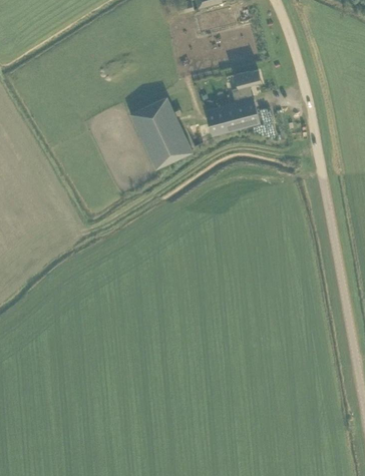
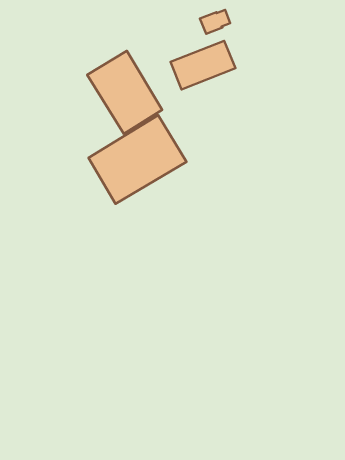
building: none -> [89,115,186,204]

